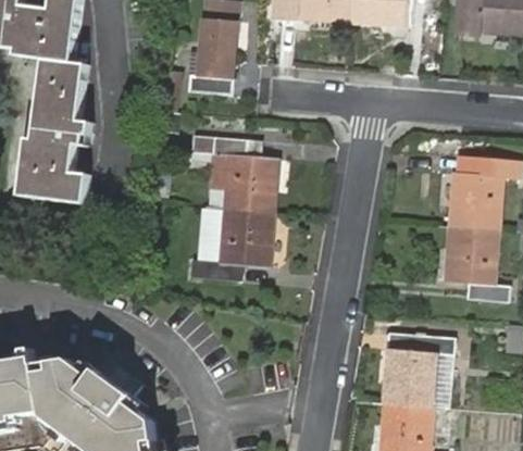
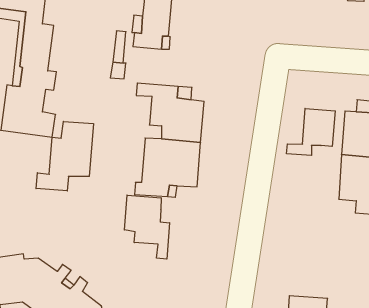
building: none -> [287,108,335,155]
building: none -> [36,121,93,191]
building: none -> [124,195,170,259]
building: [383,334,452,406] -> none

